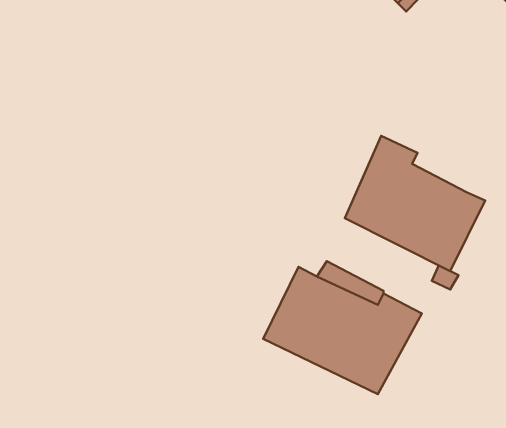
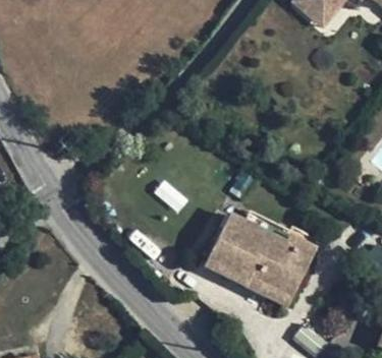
building: [345,136,485,271] -> none

